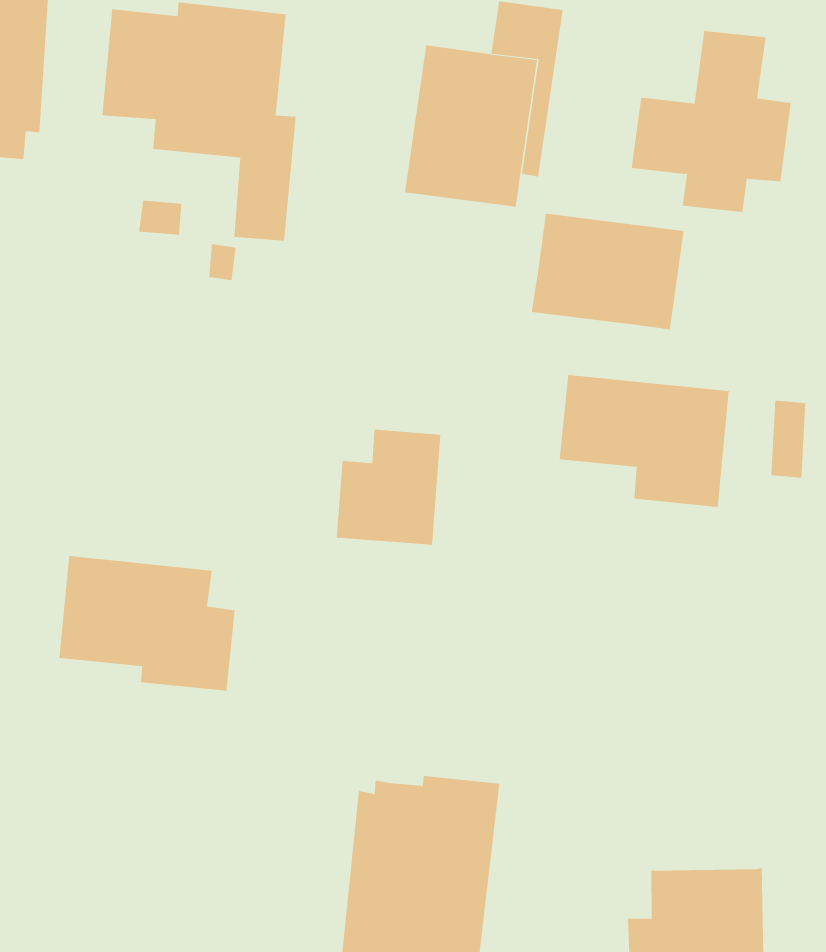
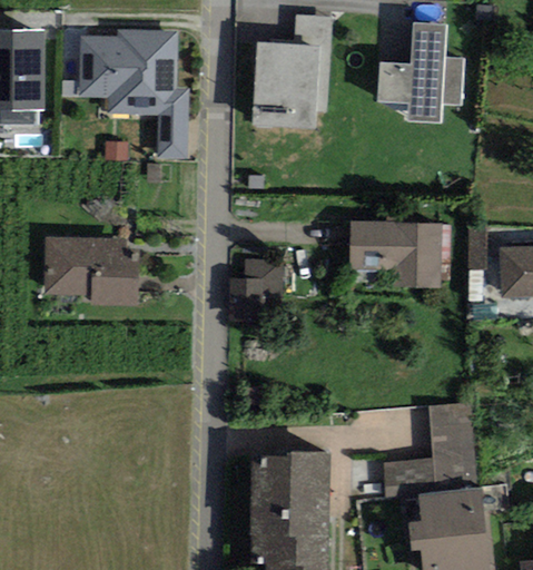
building: [531,213,684,330] -> none
building: [59,555,235,691] -> [43,236,140,305]
building: none -> [383,403,477,497]

